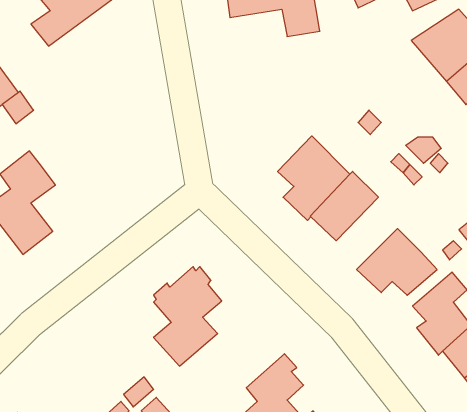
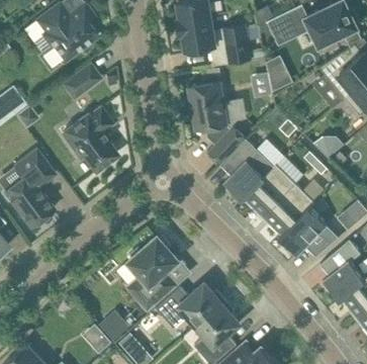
building: none -> [252,56,290,94]
building: none -> [60,65,99,101]
building: none -> [187,81,245,165]
building: none -> [62,108,116,171]
building: none -> [263,184,313,235]
building: none -> [155,283,224,329]

